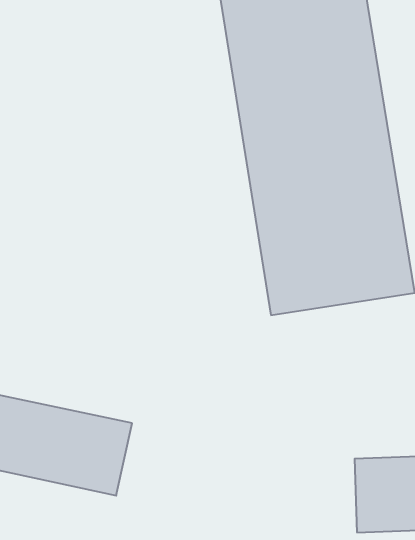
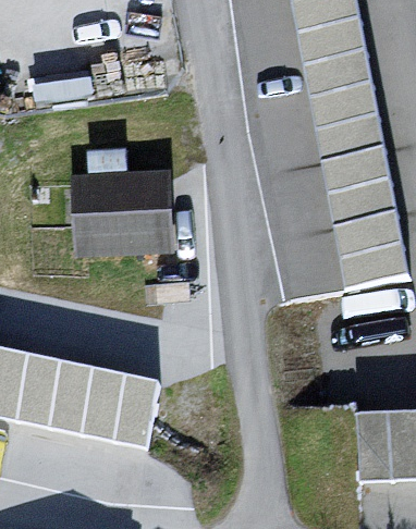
building: none -> [82,176,161,249]

